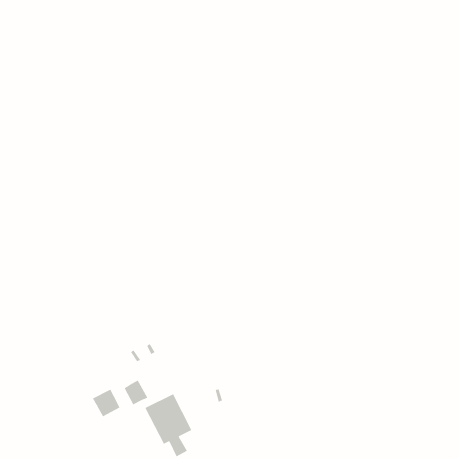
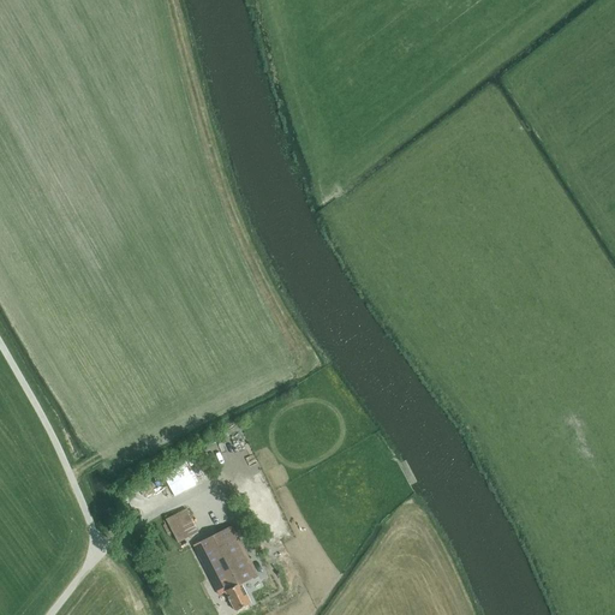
building: [92,389,120,417] -> none

